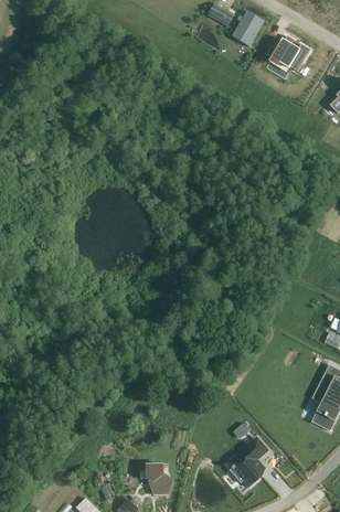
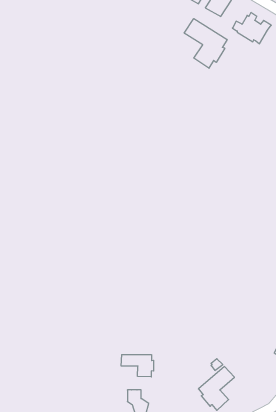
building: none -> [184,19,227,68]
building: none -> [121,355,154,377]

